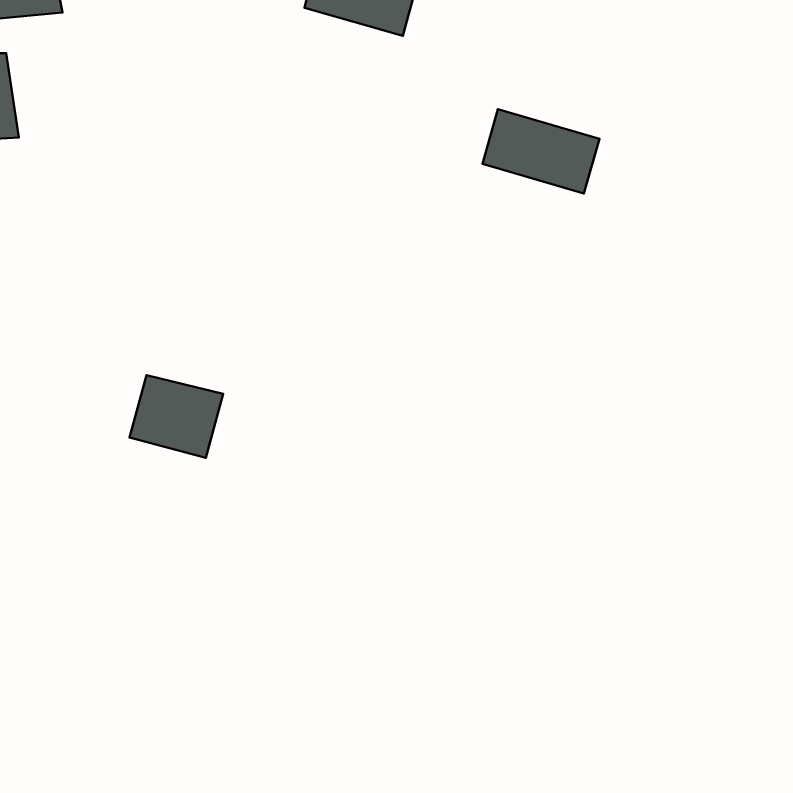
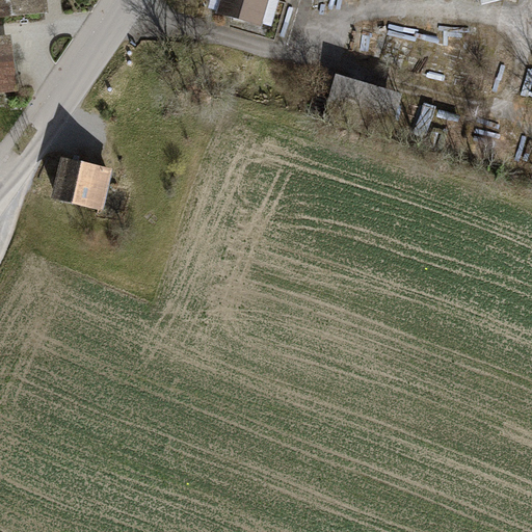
building: [129,375,223,458] -> [50,153,112,208]

